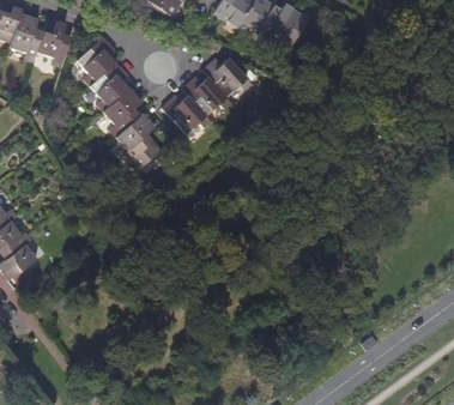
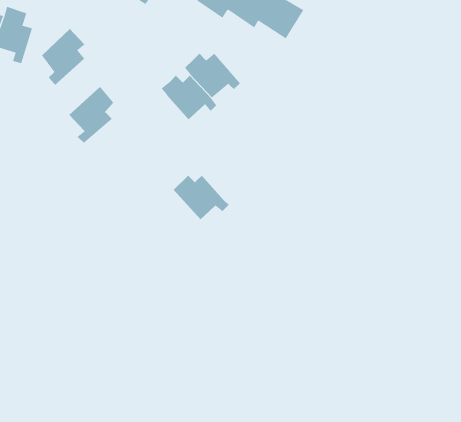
building: [91,62,129,111] -> none
building: [163,95,212,134] -> [173,175,229,220]
building: [116,113,162,171] -> none

